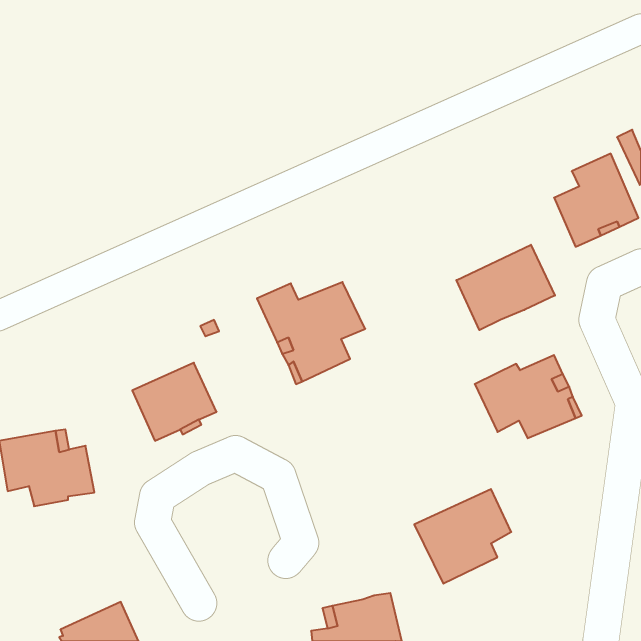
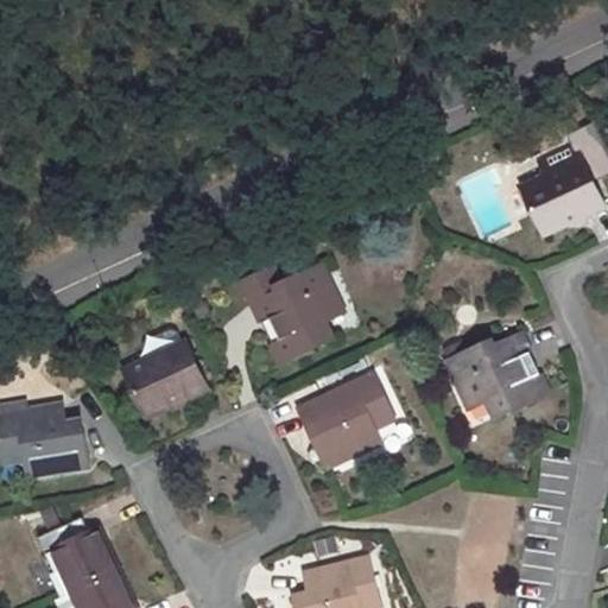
building: [456,245,555,330] -> none
building: [414,489,511,584] -> [302,375,393,464]
building: none -> [37,518,114,594]

